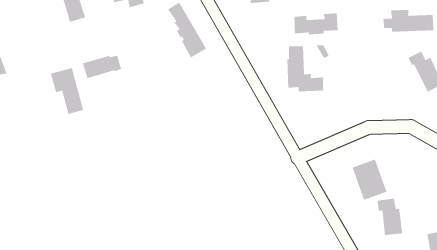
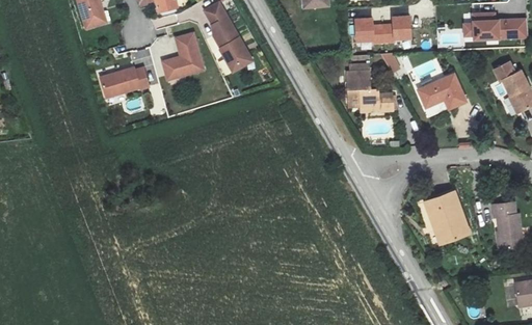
building: none -> [162,33,203,79]
building: none -> [417,74,464,109]
building: [50,67,84,115] -> none
building: [377,198,403,236] -> [490,202,523,248]

